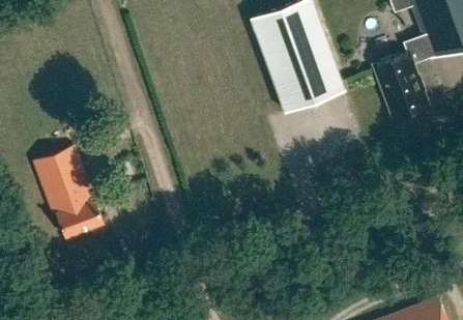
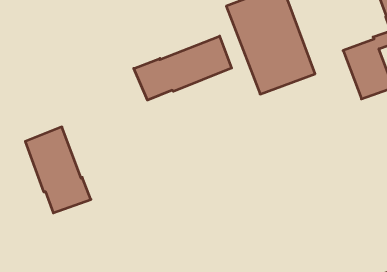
building: none -> [134,36,232,100]

